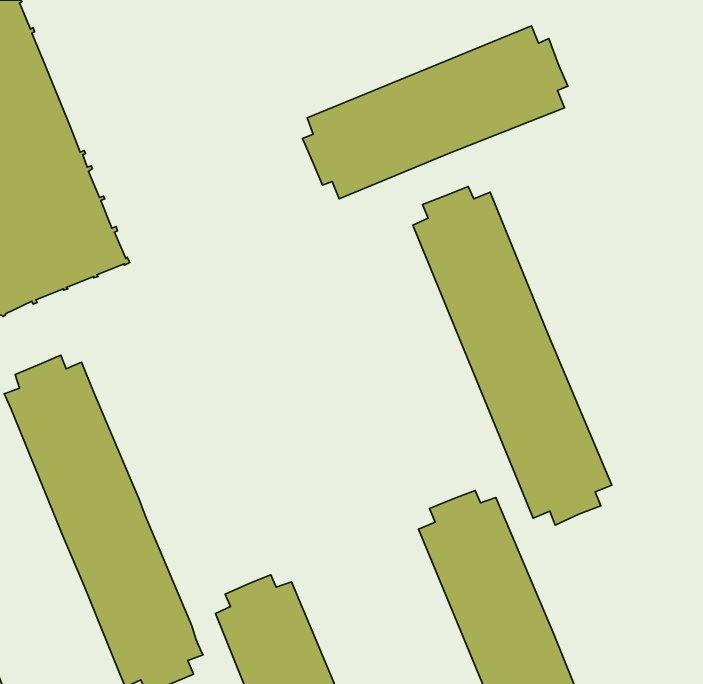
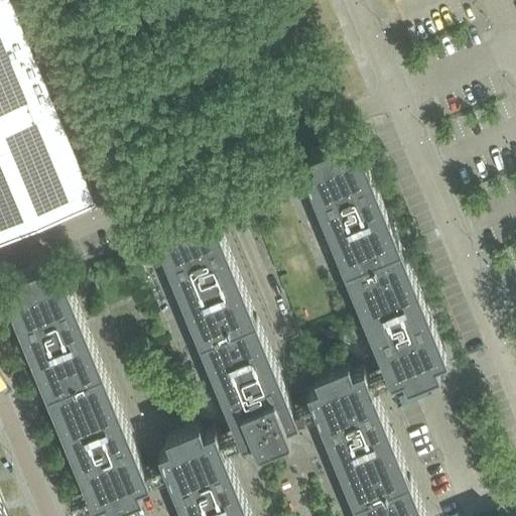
building: [303,26,568,199] -> none
building: none -> [152,214,297,461]

